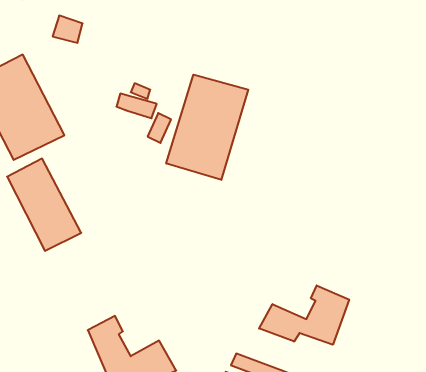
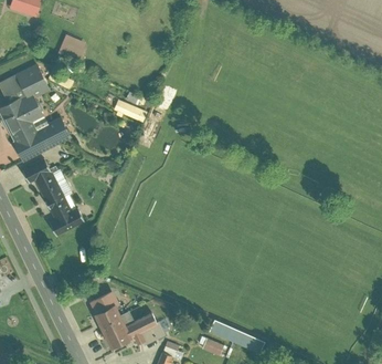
building: [166,75,248,180] -> none
building: [259,285,349,345] -> none

